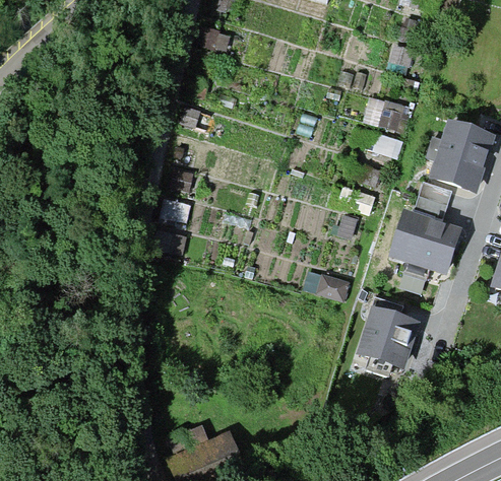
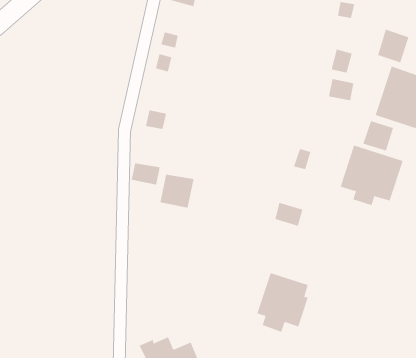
building: none -> [378,29,409,63]
building: none -> [160,174,194,208]
building: [359,306,418,374] -> [257,272,309,332]

